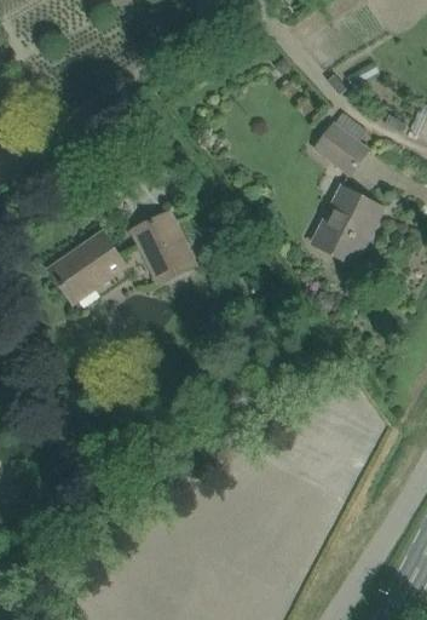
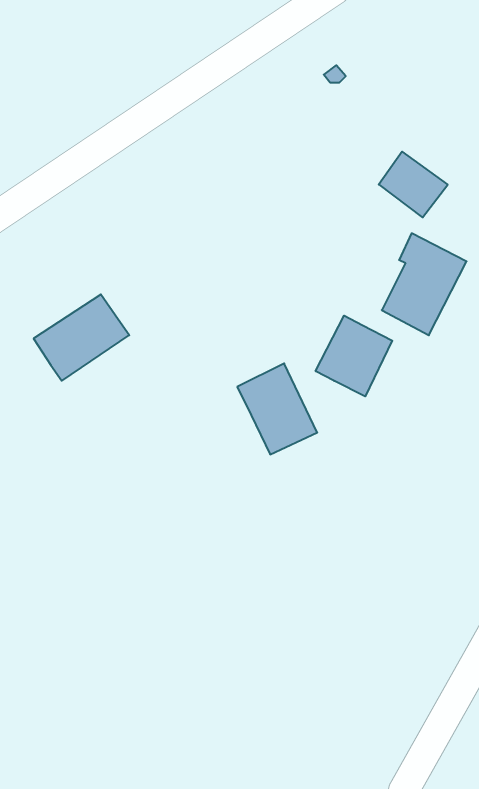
building: [132,211,194,281] -> [237,363,317,454]
building: none -> [316,316,392,396]

